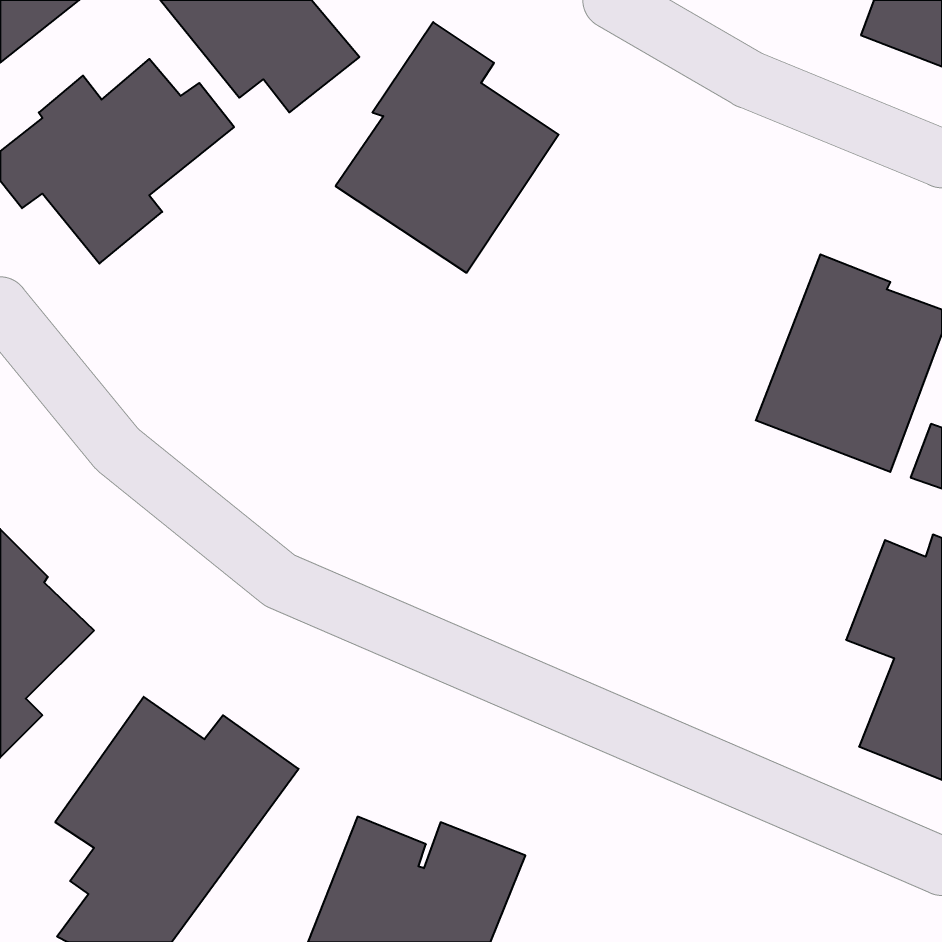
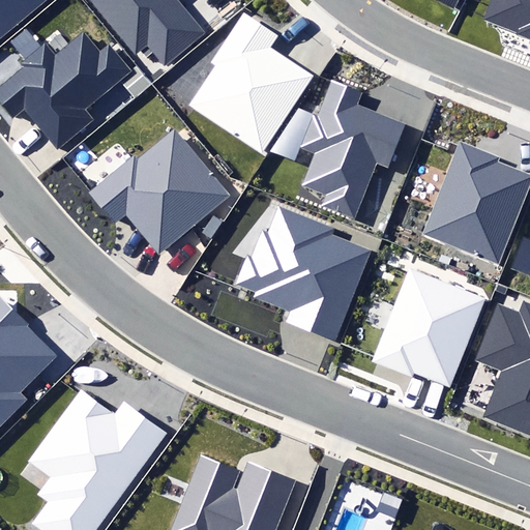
building: none -> [301,84,407,223]
building: none -> [89,129,228,249]
building: none -> [239,205,373,343]
building: none -> [374,268,487,386]

